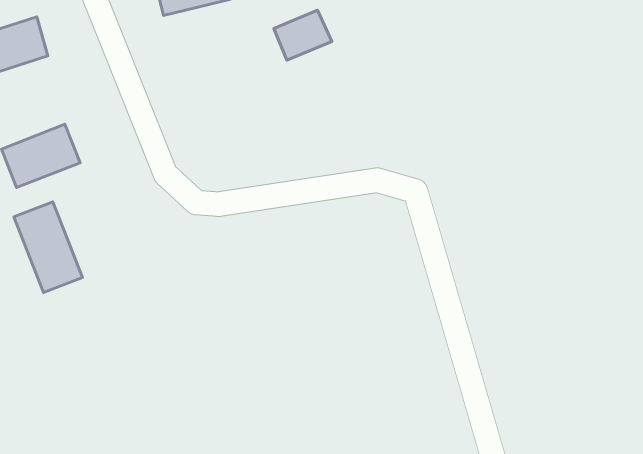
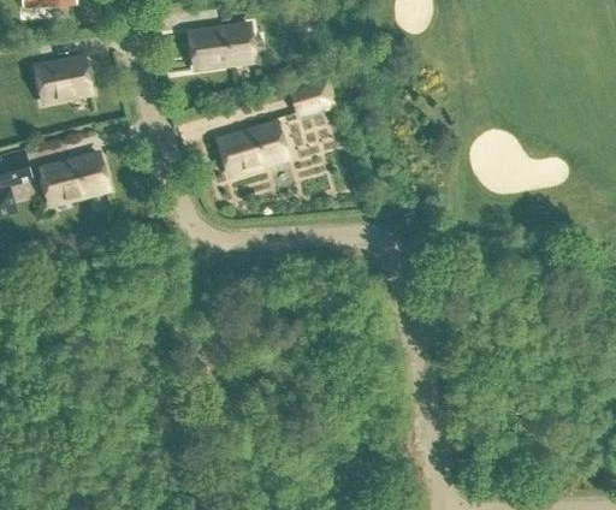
building: none -> [219,121,286,173]
building: [14,202,82,293] -> none

